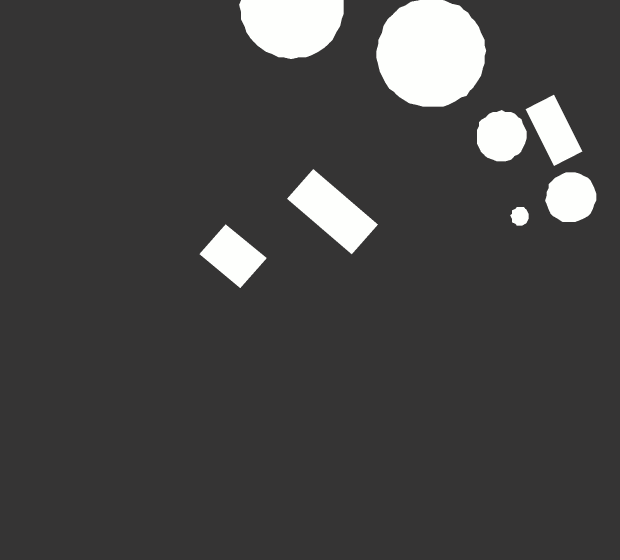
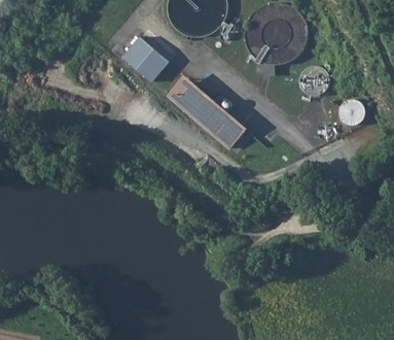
building: none -> [123,36,170,80]
building: [524,94,584,167] -> none
building: [198,223,268,289] -> [170,78,209,115]

